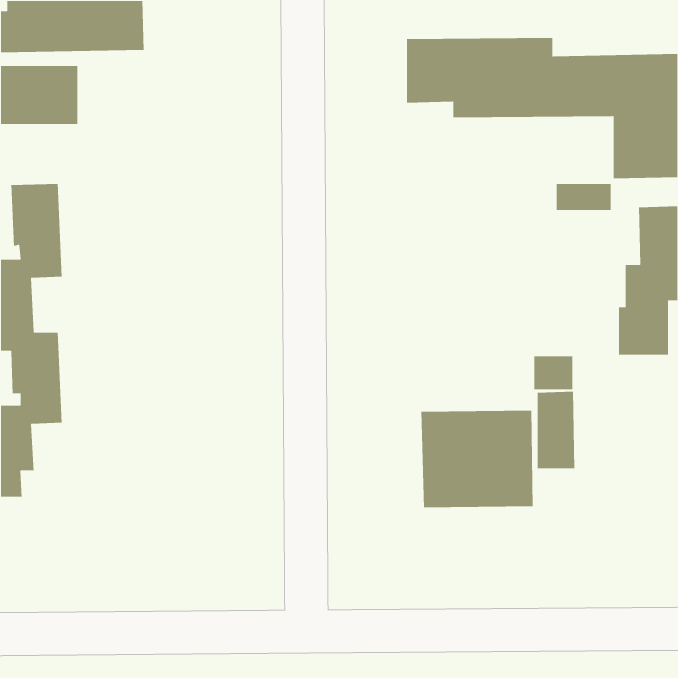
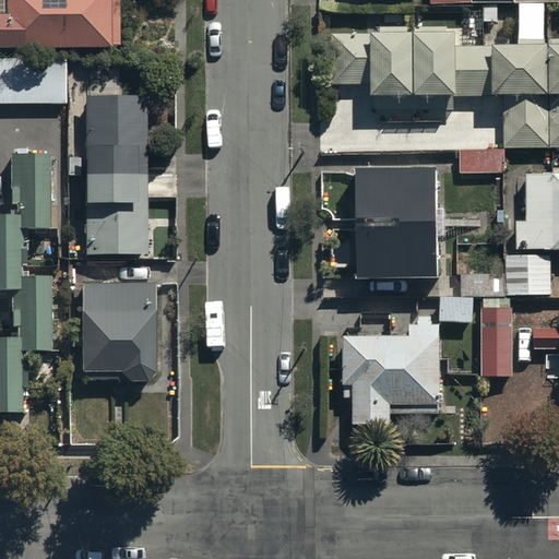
building: none -> [69,91,144,251]
building: none -> [357,167,438,276]
building: none -> [80,276,152,380]
building: [537,391,575,469] -> [484,309,515,373]

